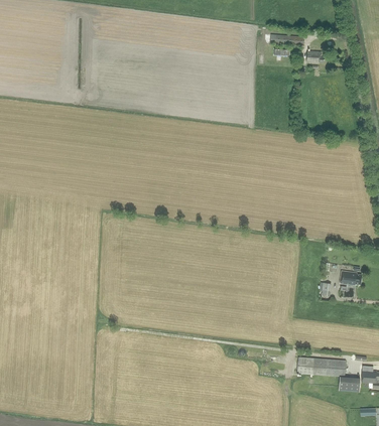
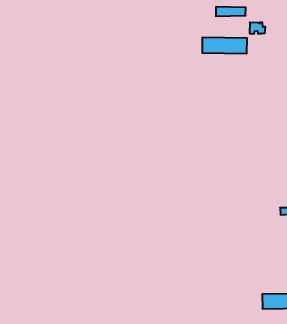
building: none -> [202,37,247,54]

